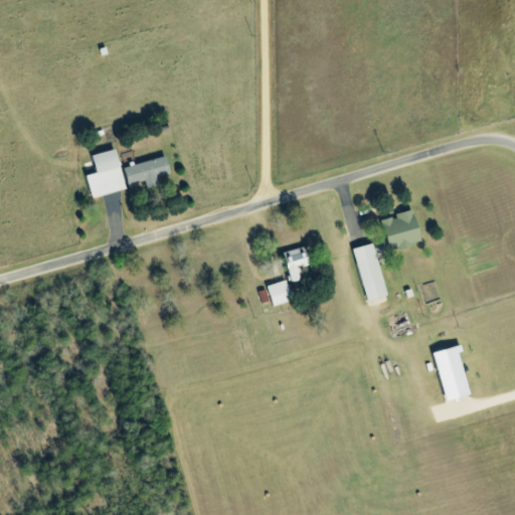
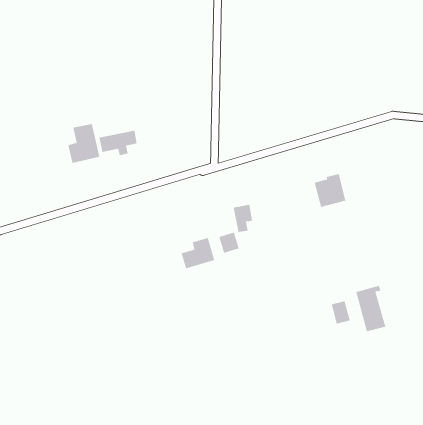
building: [353,242,387,301] -> none
building: none -> [181,237,215,269]
building: none -> [331,300,351,324]

